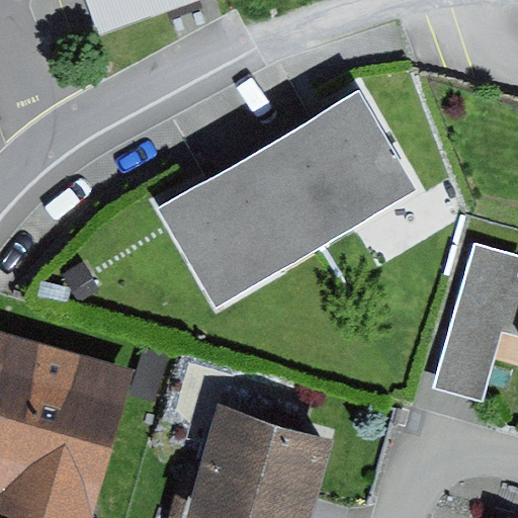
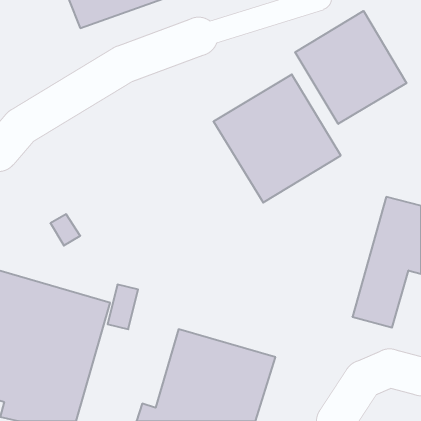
building: none -> [295,11,406,124]
building: [156,149,322,311] -> none

